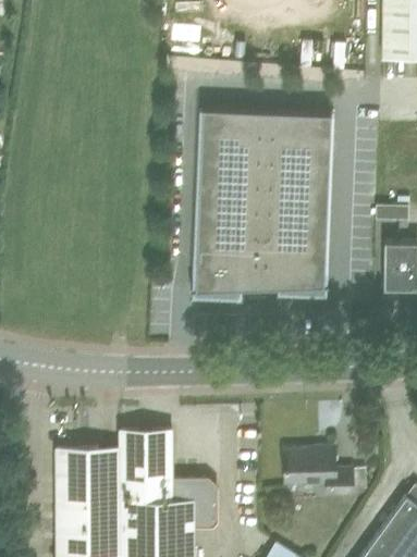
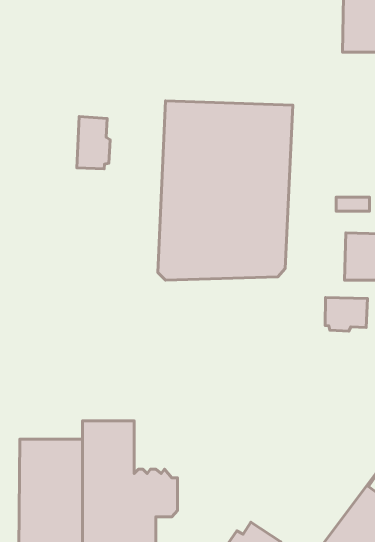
building: none -> [77,116,110,169]
building: none -> [325,298,367,331]
building: [284,446,354,496] -> none

